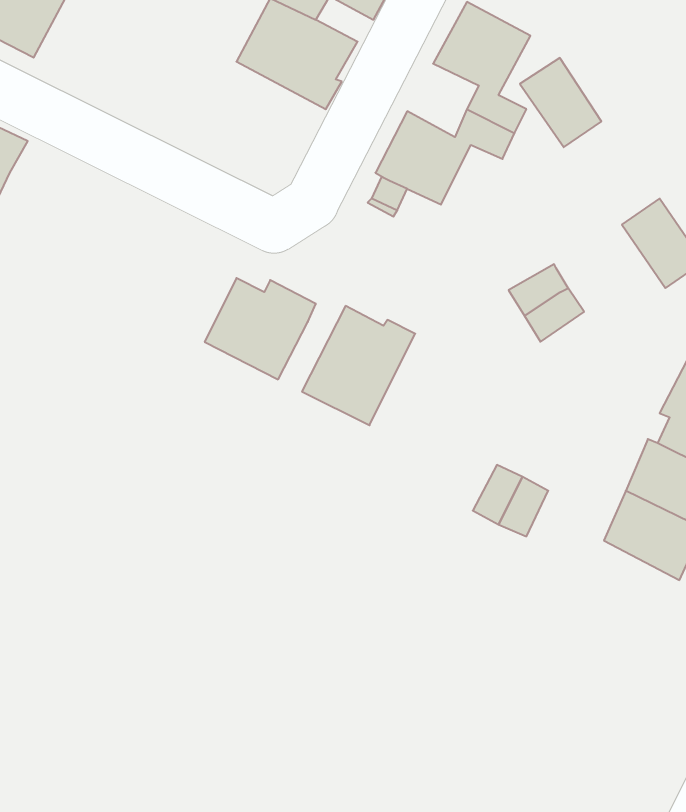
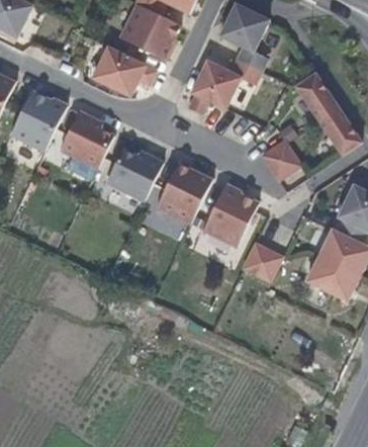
building: [520,58,601,147] -> [295,75,337,120]
building: none -> [94,48,157,97]
building: none -> [9,89,66,150]
building: none -> [59,109,113,166]
building: none -> [202,182,258,246]

